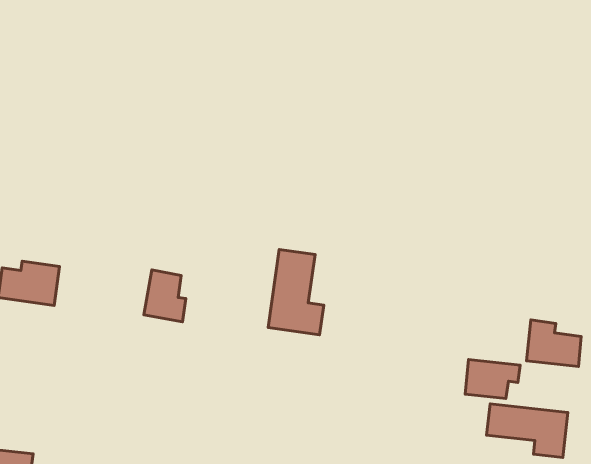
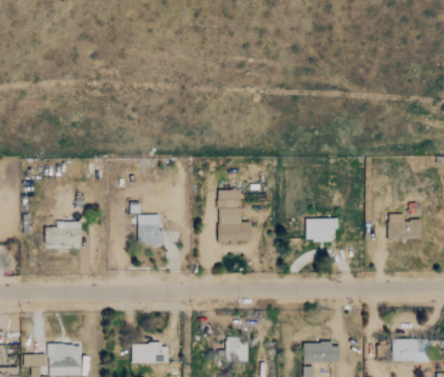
building: [465,360,520,398] -> [306,218,339,242]
building: [487,404,568,457] -> none

